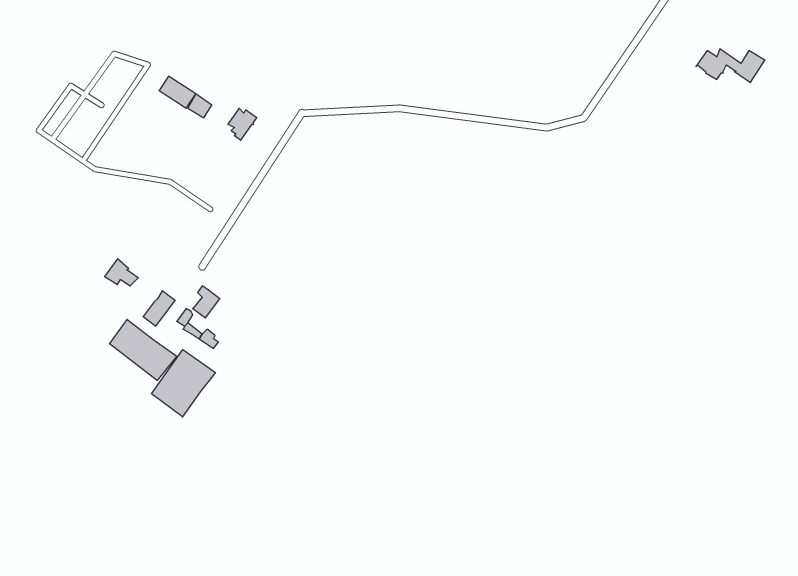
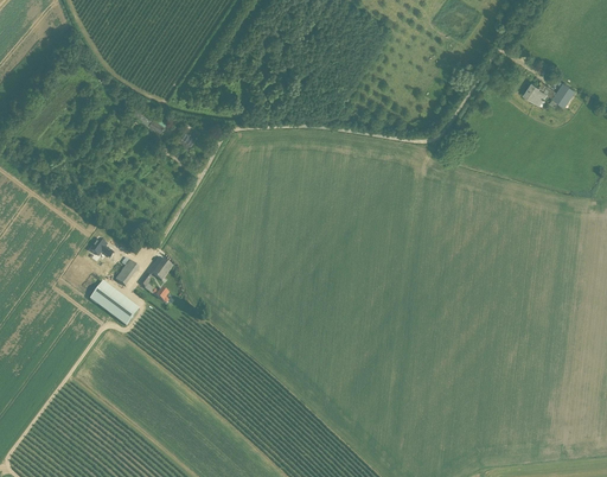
building: [152,350,215,417] -> none

